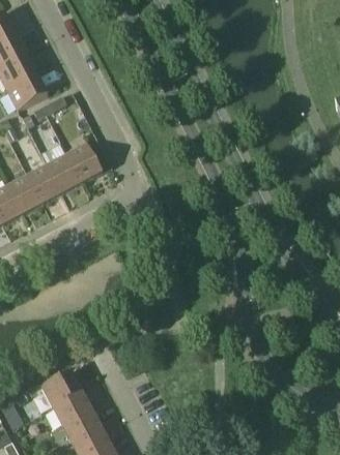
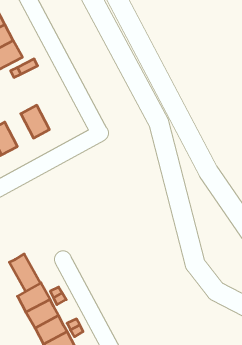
building: [65,139,102,179] -> none
building: [26,159,61,200] -> none
building: none -> [9,254,40,292]

